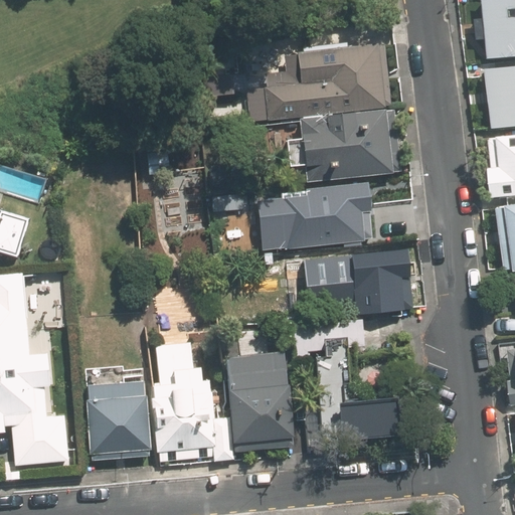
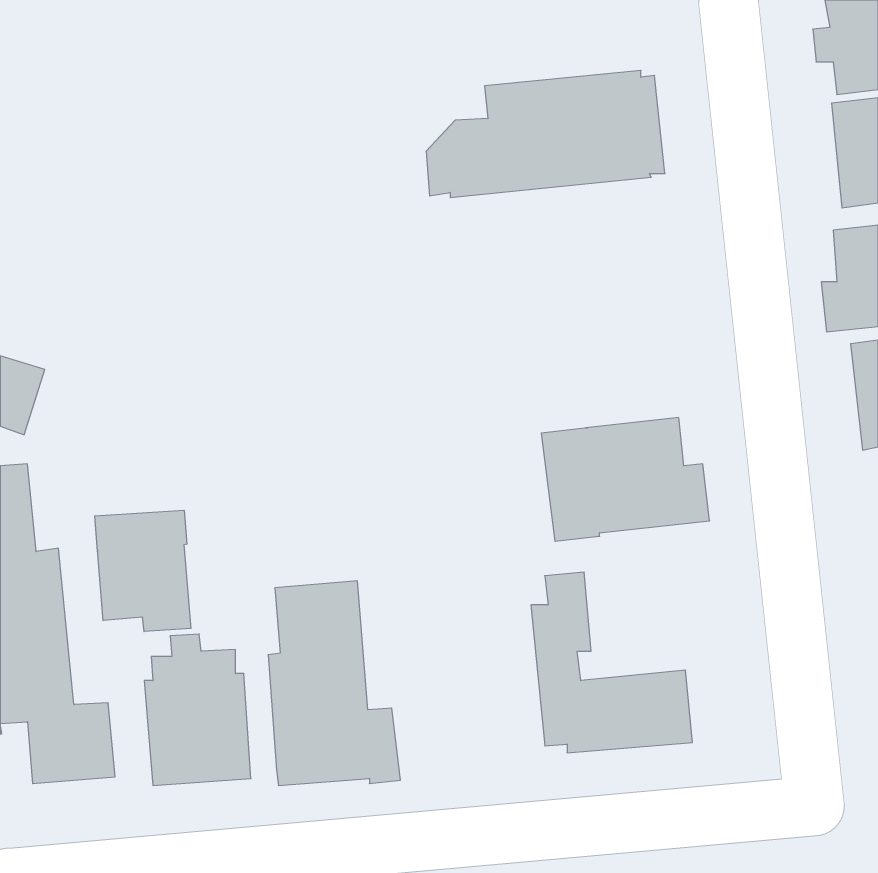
building: [279,111,397,184] -> none
building: [259,189,363,250] -> none
building: none -> [95,510,191,632]
building: [226,352,295,452] -> none

